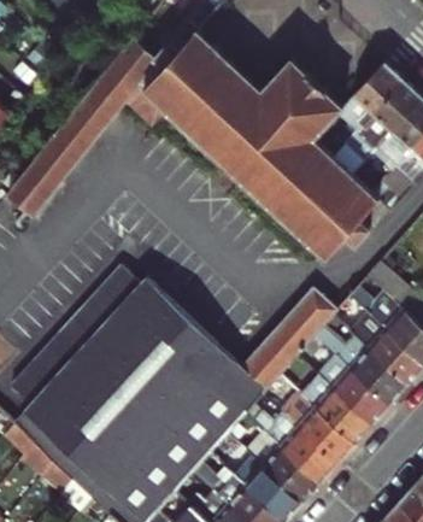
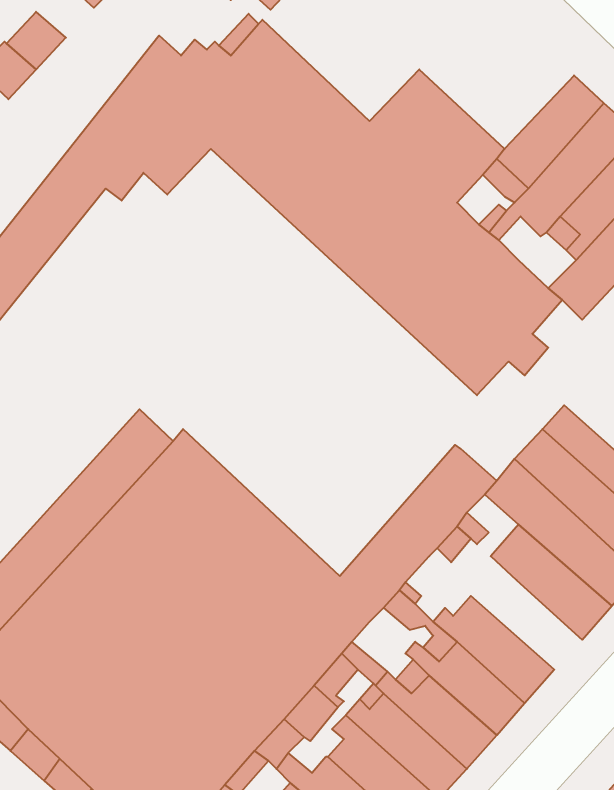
building: [317,366,389,423] -> none

